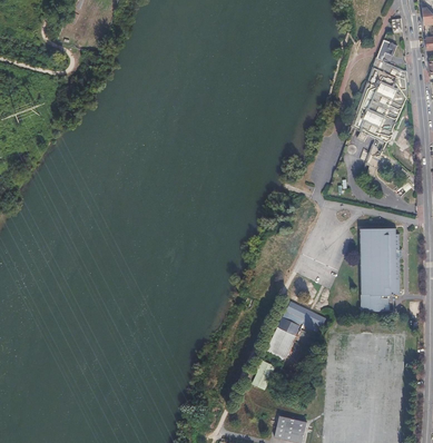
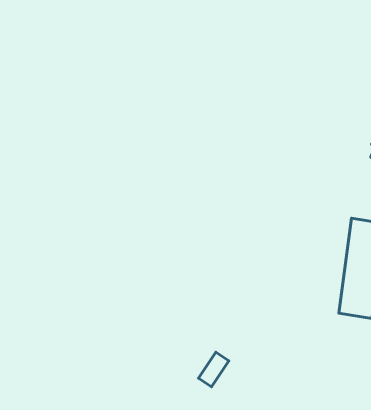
building: [265,302,324,360] -> none

